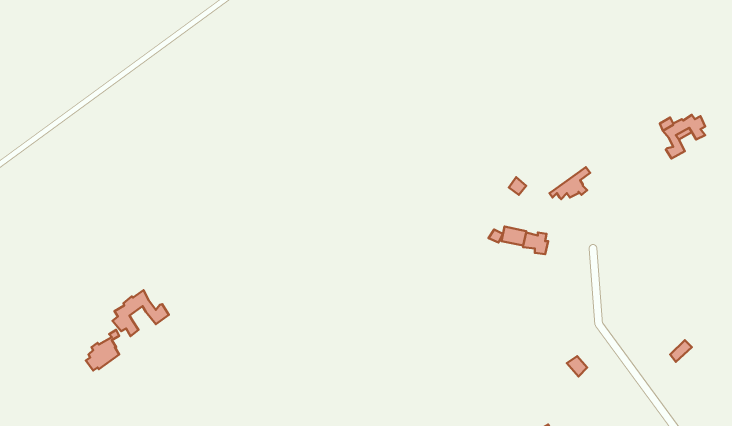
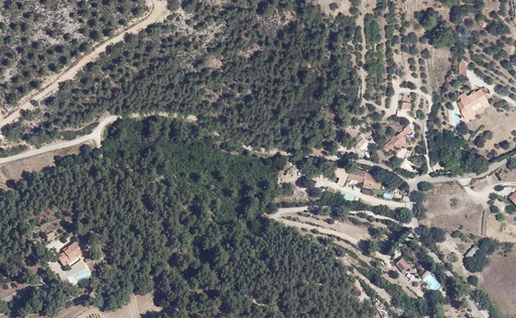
building: [112,290,169,336] -> none

